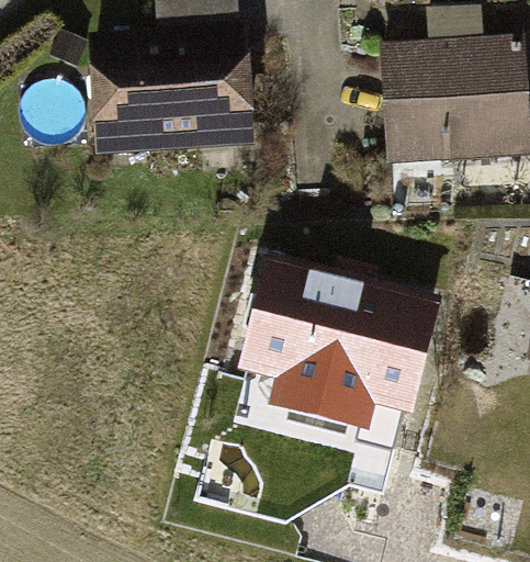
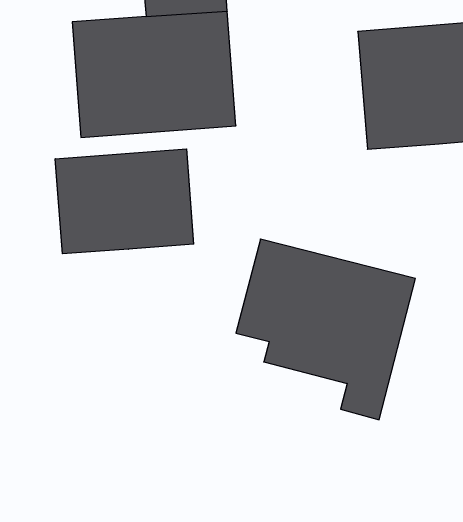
building: none -> [55,149,194,254]

